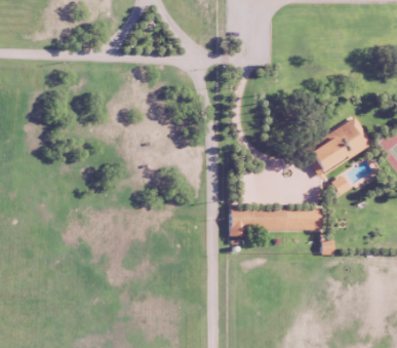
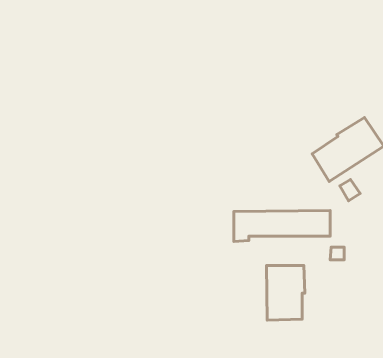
building: none -> [267,266,305,320]

